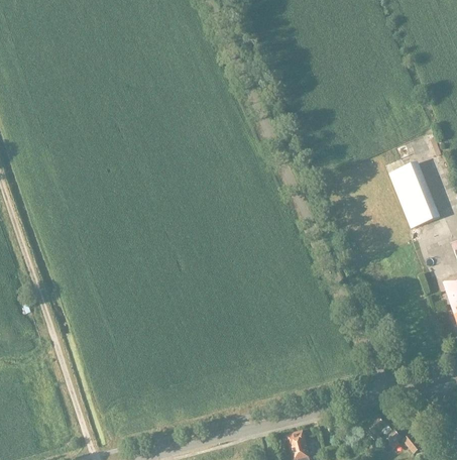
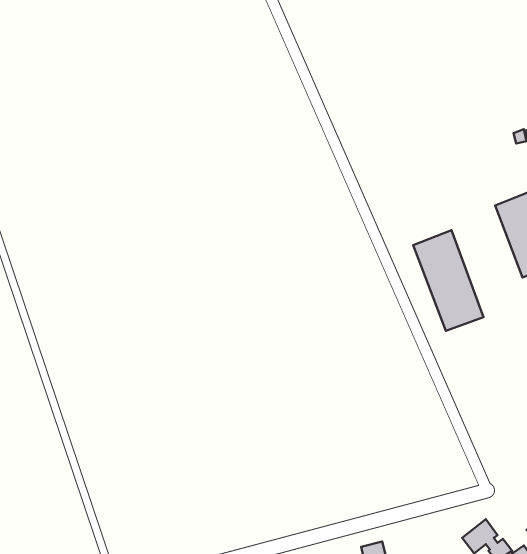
building: none -> [413,230,483,331]

